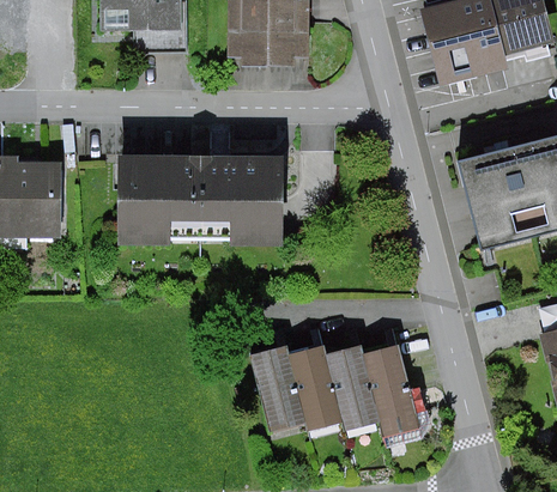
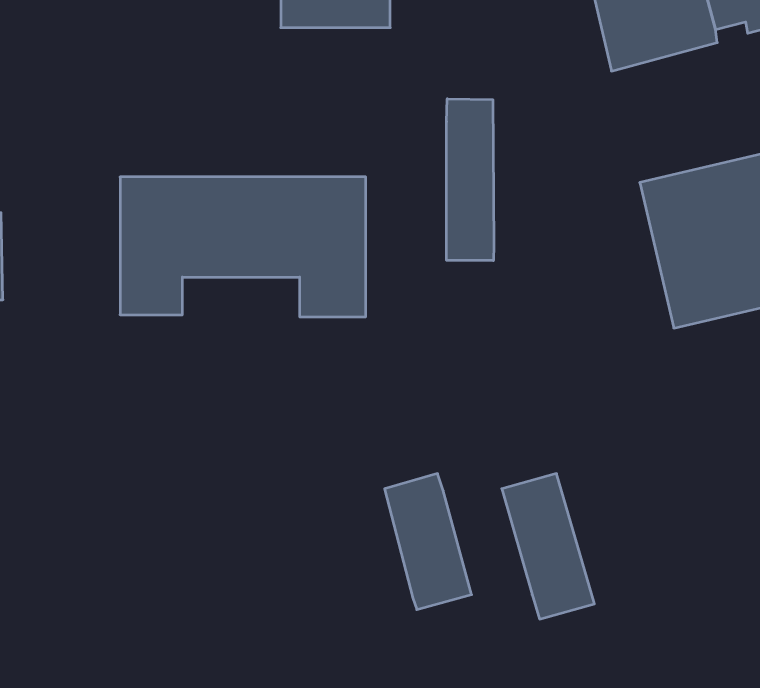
building: none -> [447,99,494,261]
building: [258,344,313,430] -> none
building: [332,344,388,429] -> none

